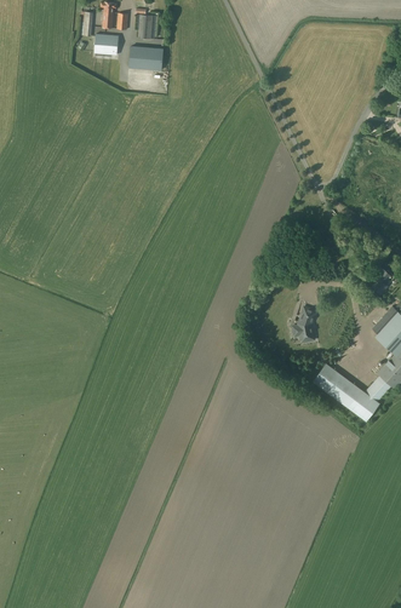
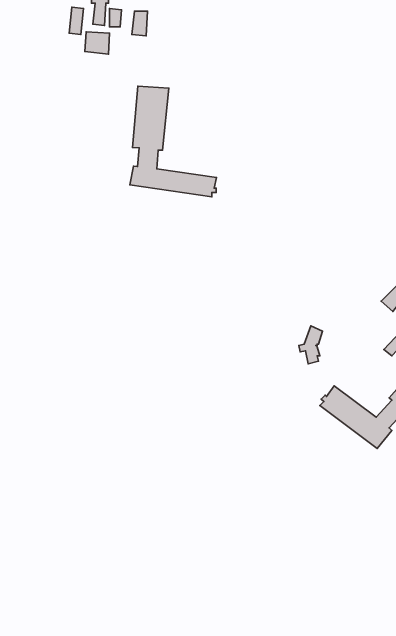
building: [128,47,162,70] -> none
building: none -> [130,86,217,197]

